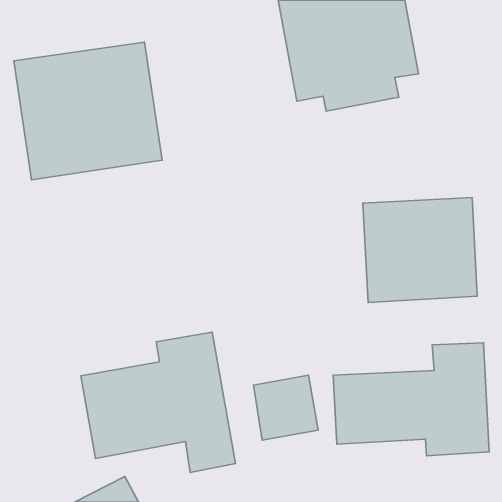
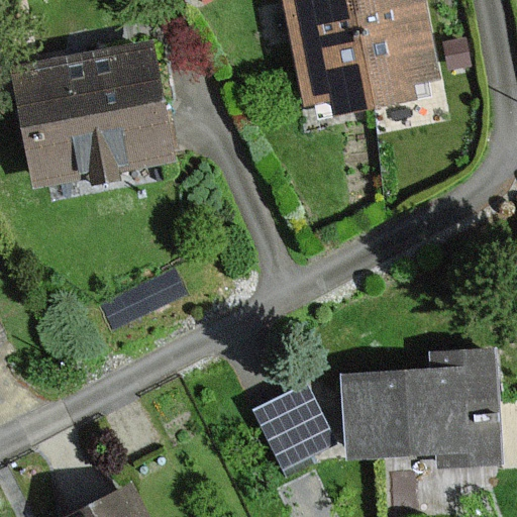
building: [363,197,477,303] -> none
building: [81,332,236,473] -> none

